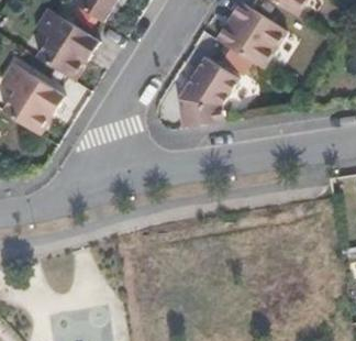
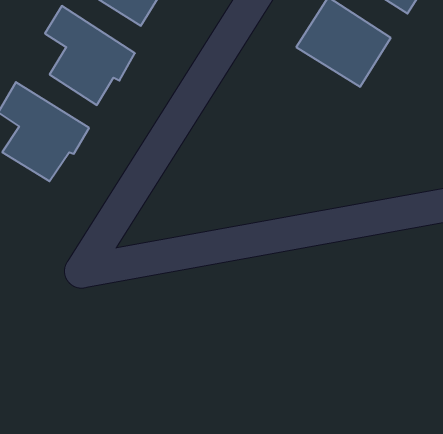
building: [178,55,236,126] -> none

